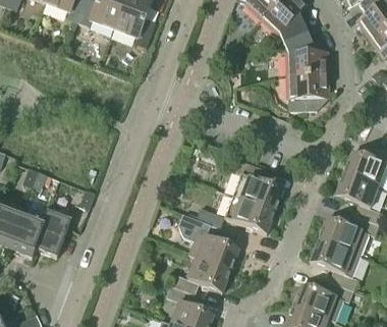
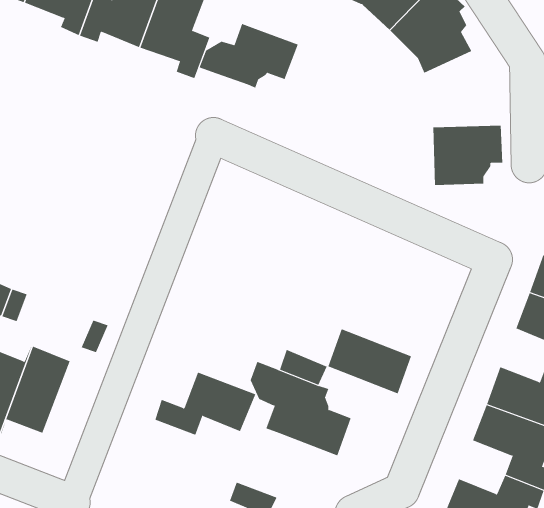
building: none -> [199,23,299,89]
building: [282,32,328,76] -> none
building: [233,161,284,212] -> none
building: [171,258,231,295] -> [154,372,256,435]

